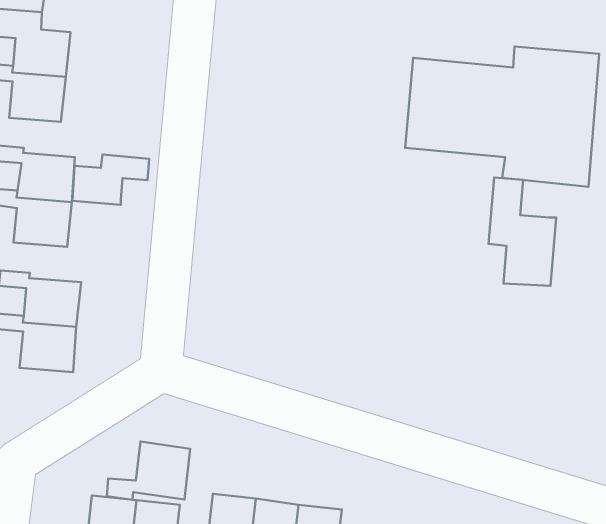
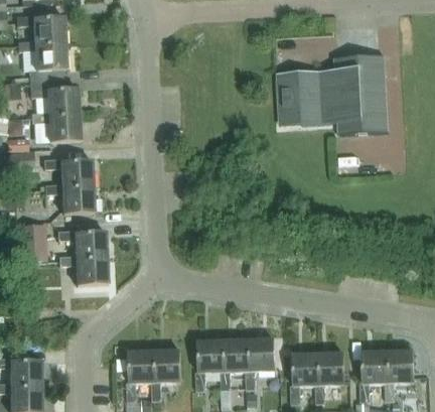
building: [72,155,149,205] -> none
building: [488,178,556,286] -> none
building: [107,441,190,500] -> none

